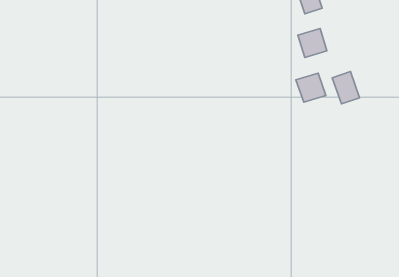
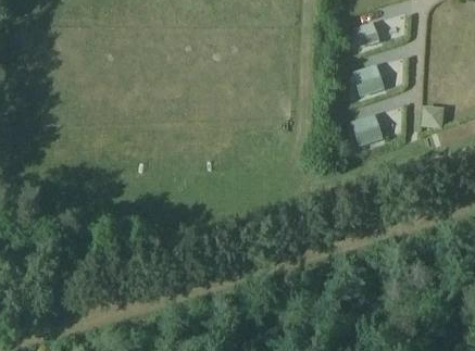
building: [332,71,360,104] -> none

